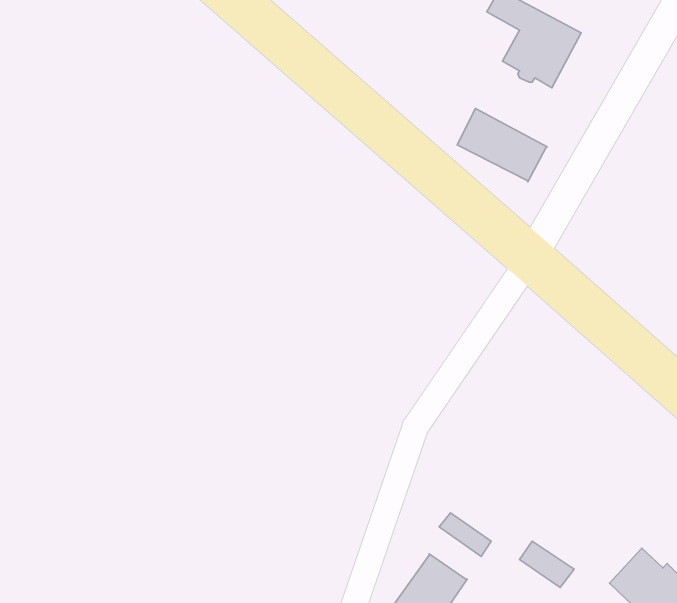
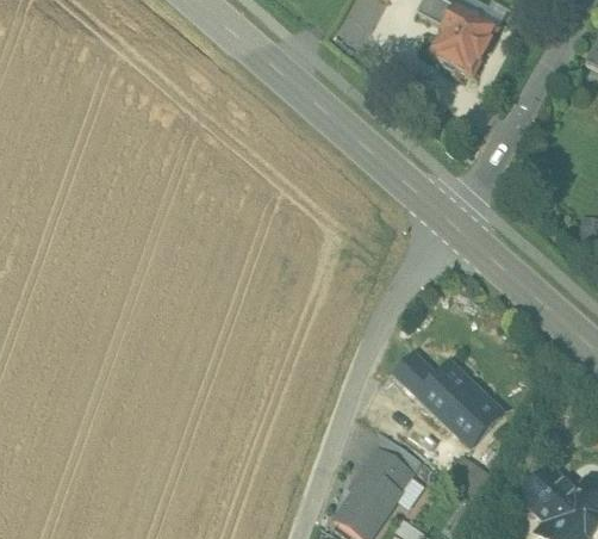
building: [457,109,547,182] -> none
building: none -> [395,354,499,441]
building: none -> [363,448,412,492]

